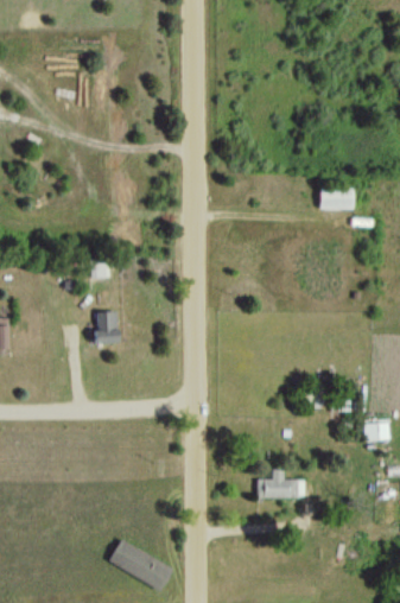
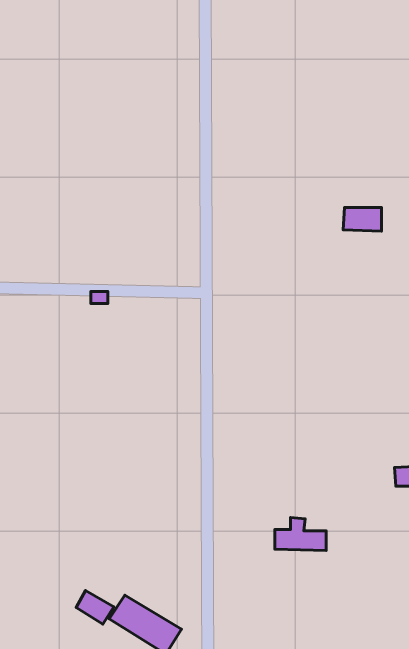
building: [96,312,118,343] -> none
building: none -> [76,590,114,624]

